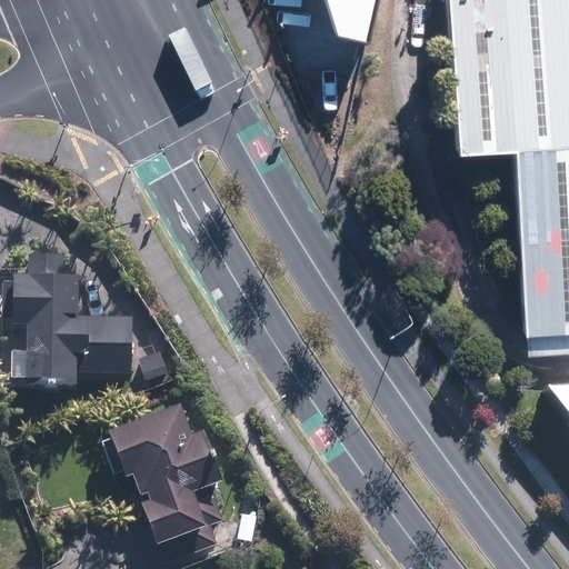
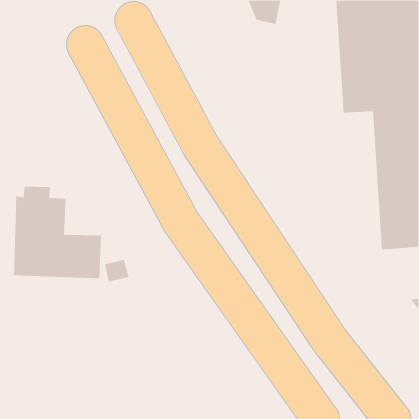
building: [104,398,236,561] -> none

